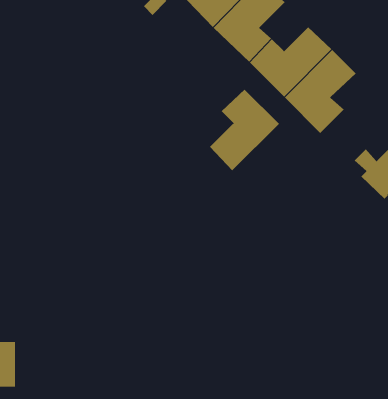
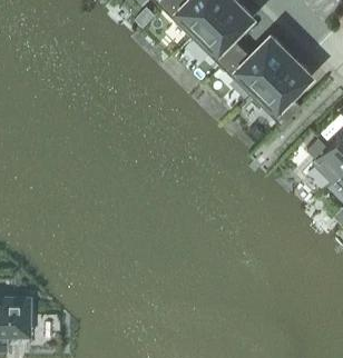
building: [209,89,280,171] -> none

